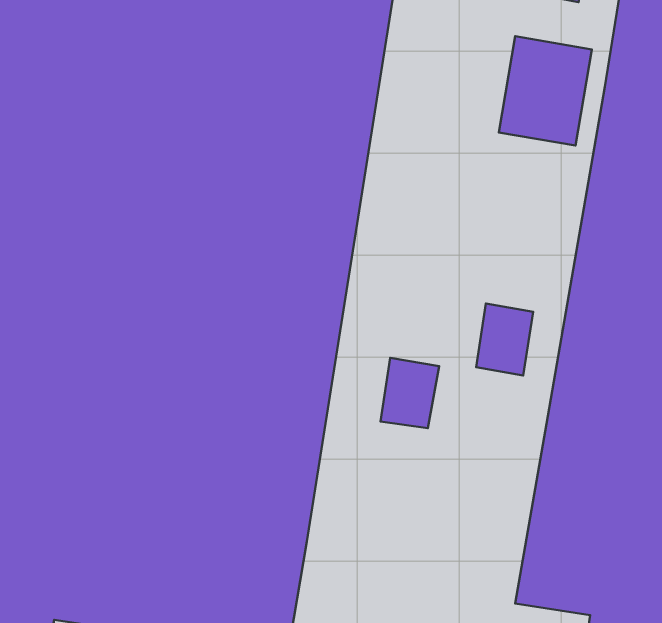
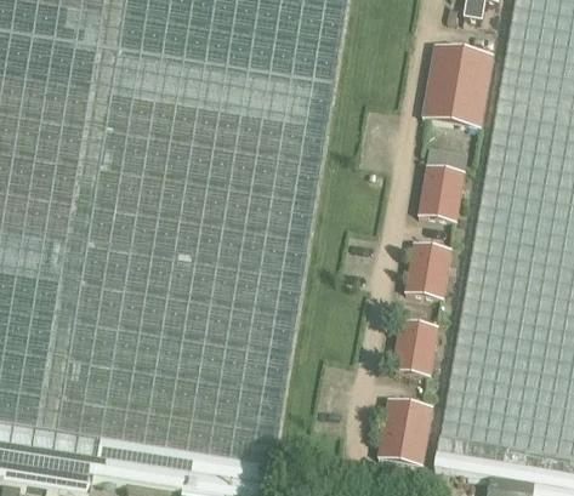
building: none -> [419,164,462,217]
building: [381,358,439,428] -> [393,319,437,371]
building: none -> [379,398,431,462]

